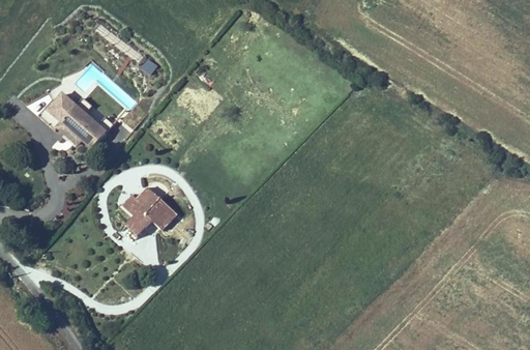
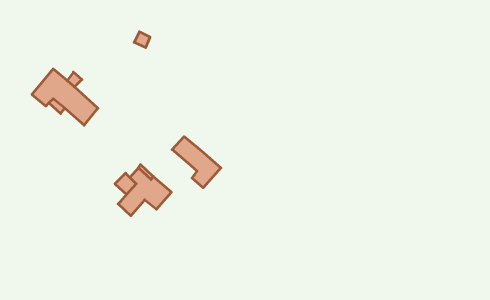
building: none -> [172,137,221,188]

